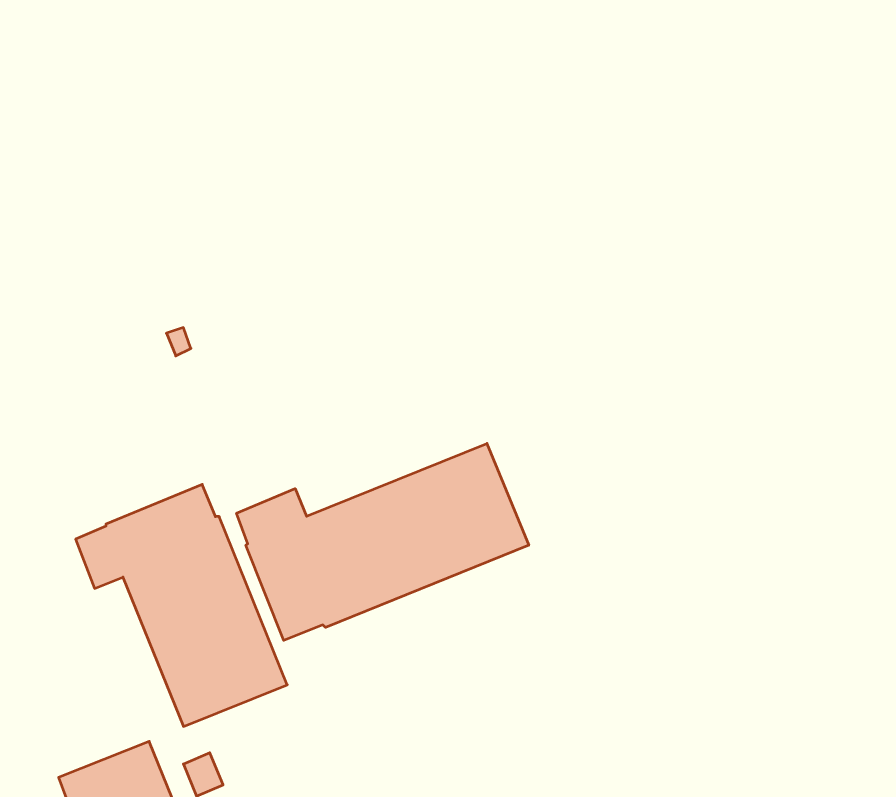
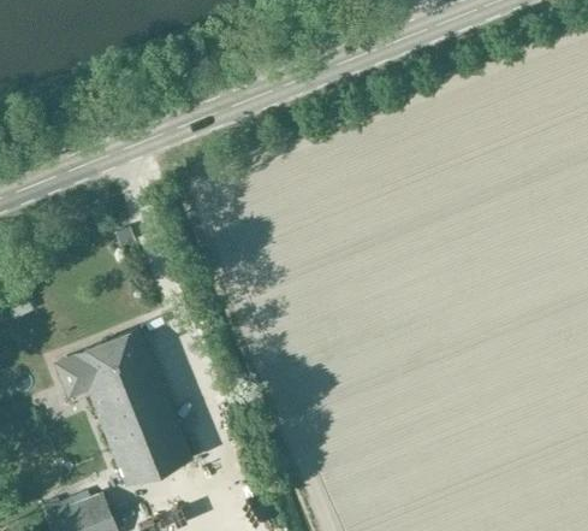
building: [237,443,529,640] -> none

